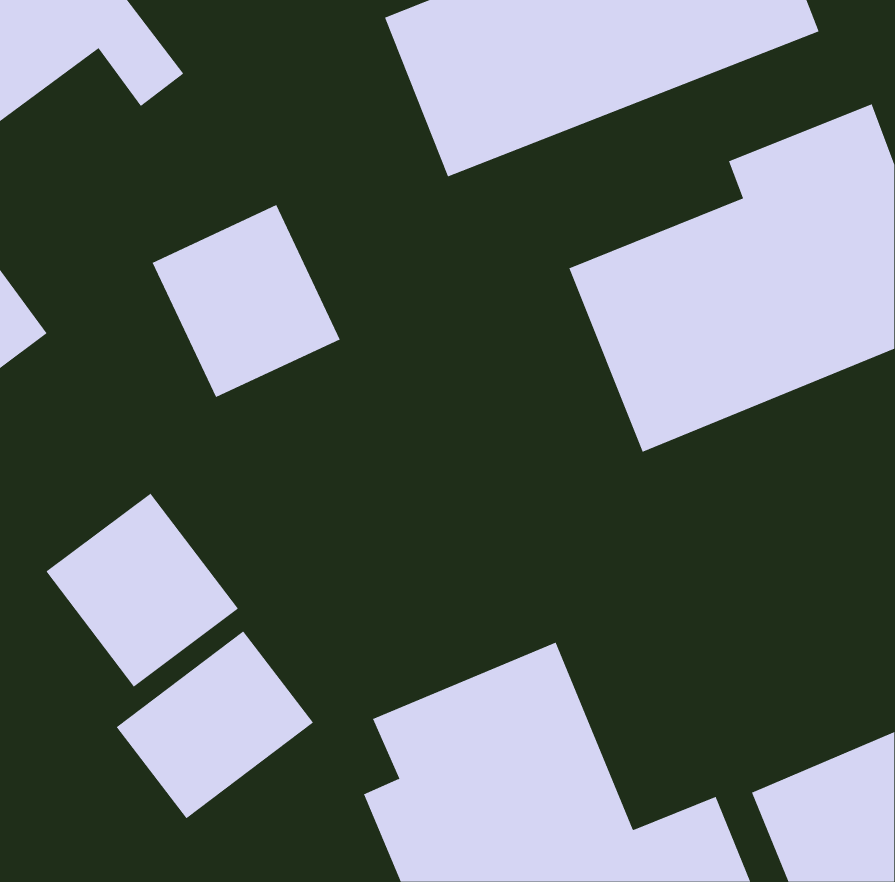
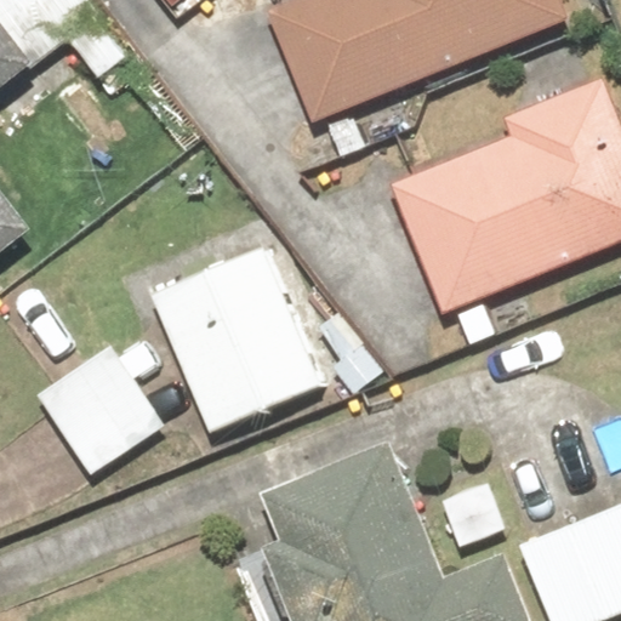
building: [152,204,340,398] -> none
building: none -> [150,244,329,429]
building: [116,630,314,819] -> none

